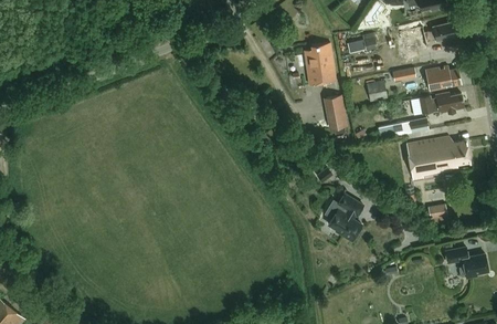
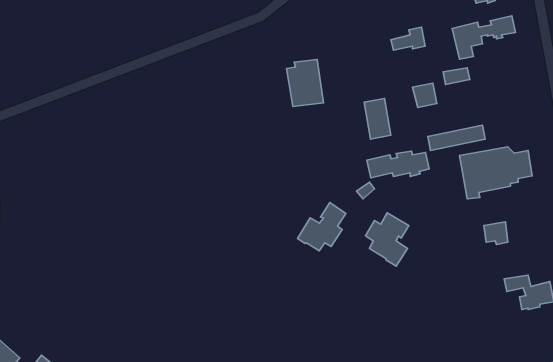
building: [304,43,336,84] -> [286,59,323,107]
building: [425,65,462,91] -> none
building: [410,92,464,115] -> [367,151,429,178]
building: none -> [297,203,346,251]

